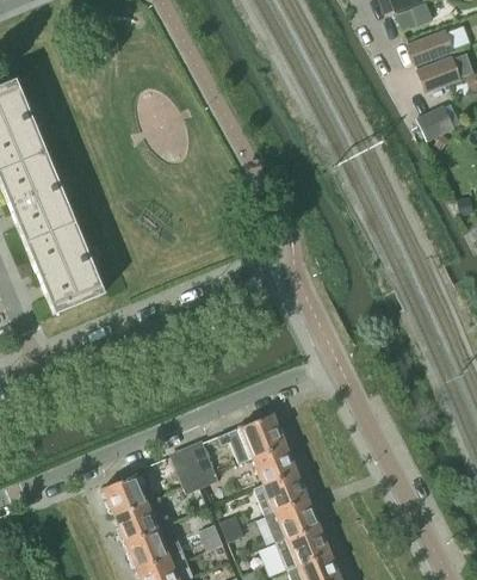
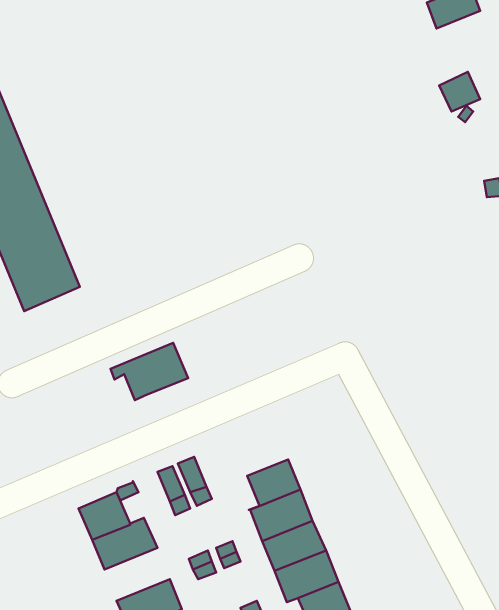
building: [416,56,461,93] -> none
building: [218,414,286,464] -> [110,343,188,400]
building: [125,523,182,569] -> none

